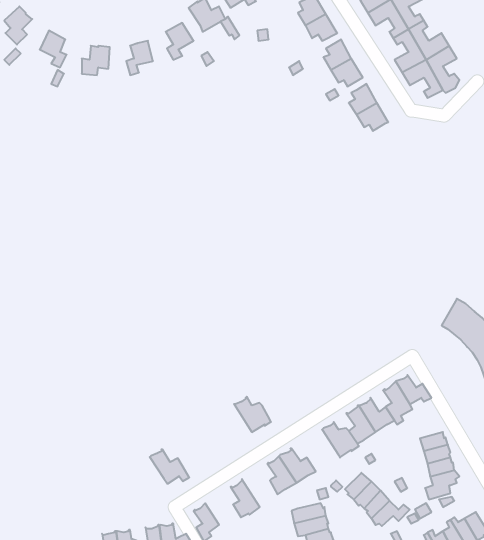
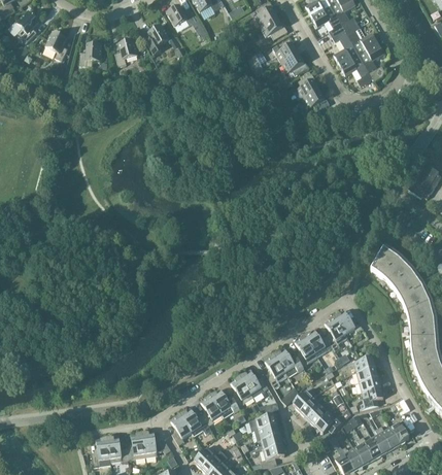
building: [234,397,271,432] -> [210,387,240,416]
building: none -> [265,353,288,387]
building: [150,449,189,484] -> [180,407,212,435]

